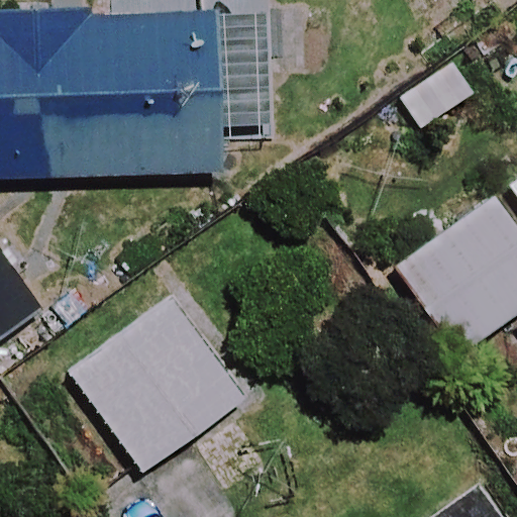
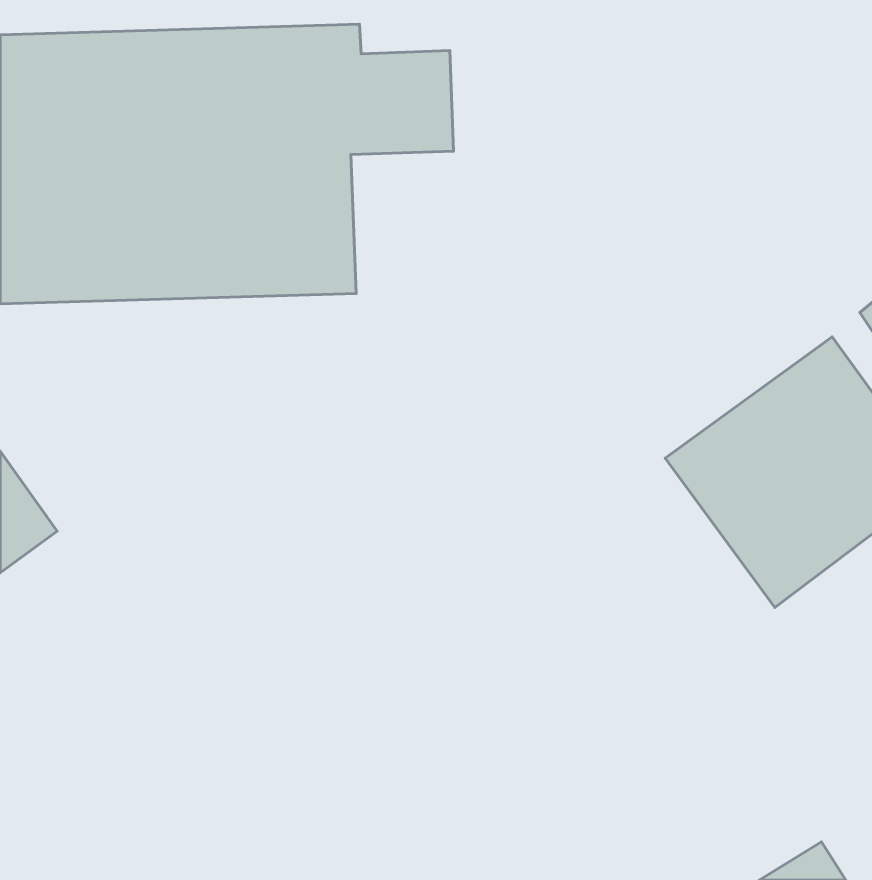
building: [68,297,245,474] -> none

